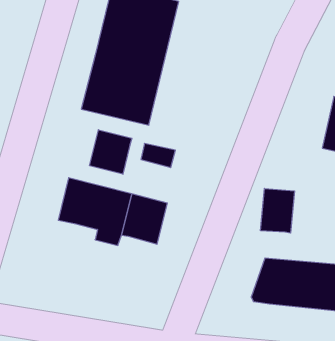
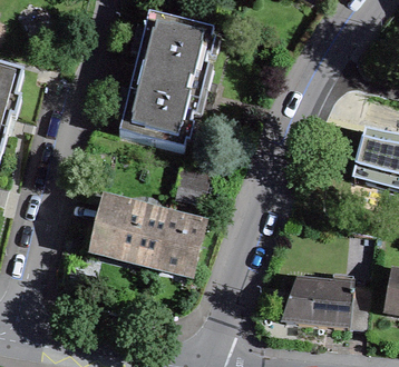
building: [90,130,132,174] -> none
building: [261,188,294,233] -> none

